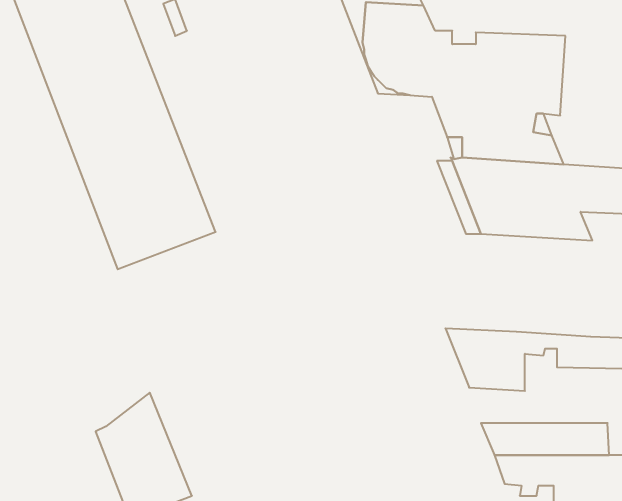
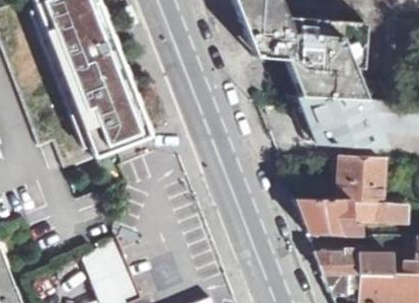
building: none -> [336,157,383,203]

